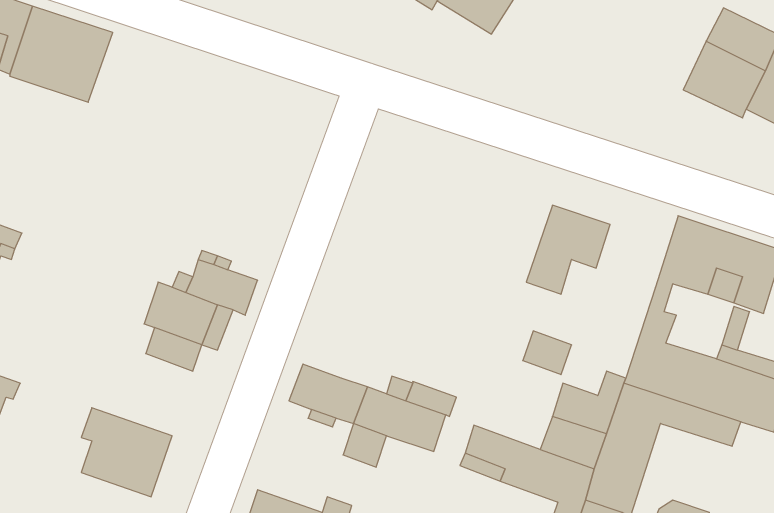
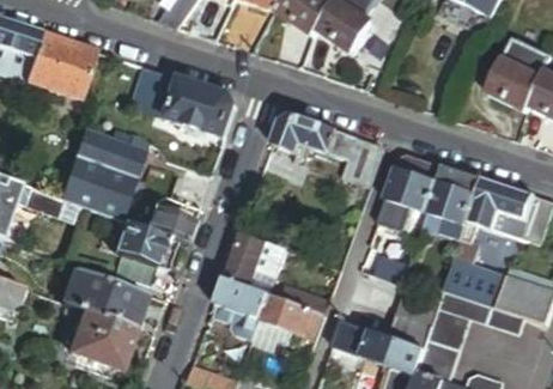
building: none -> [132,67,235,138]
building: none -> [272,115,383,187]
building: none -> [57,130,144,220]
building: none -> [425,164,481,226]
building: none -> [224,233,287,288]
building: none -> [62,269,146,328]

